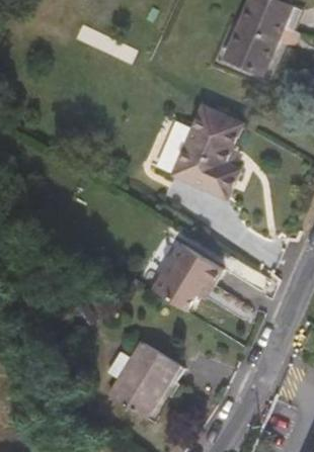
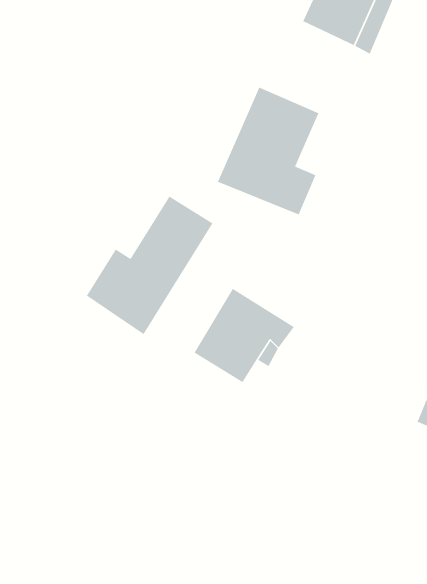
building: none -> [86,195,213,335]
building: [109,347,187,422] -> none

